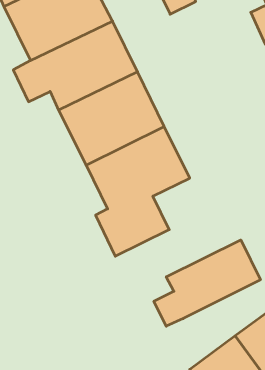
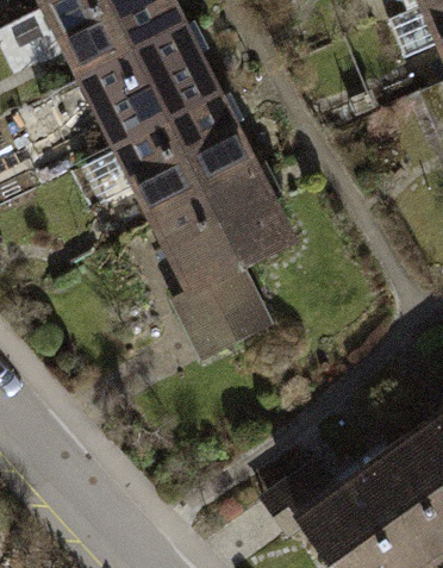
building: [154,240,260,326] -> none

